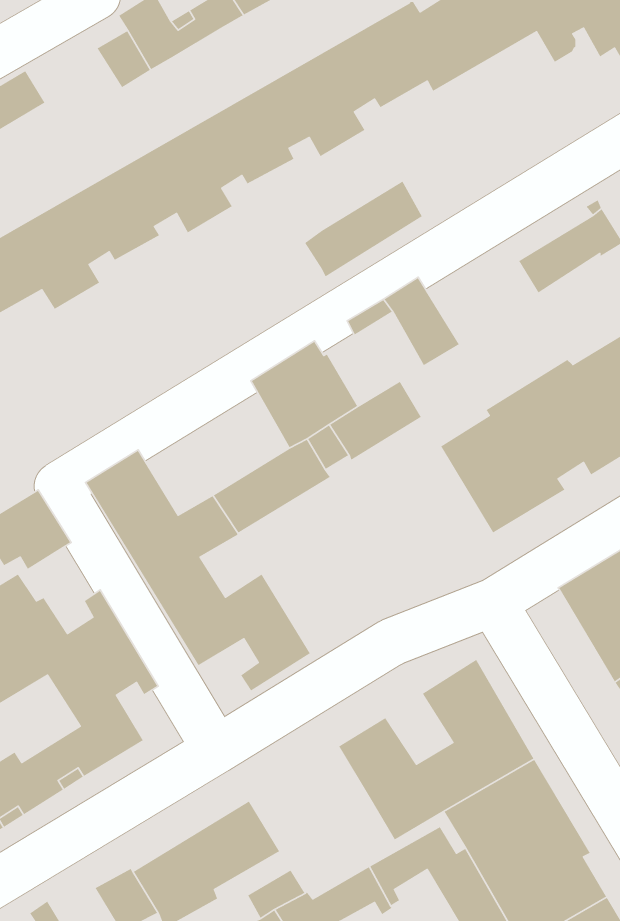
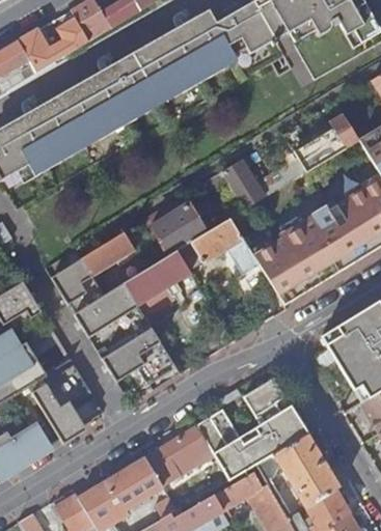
building: none -> [17,29,67,72]
building: [304,180,423,277] -> none
building: none -> [81,231,134,276]
building: none -> [144,426,214,486]

